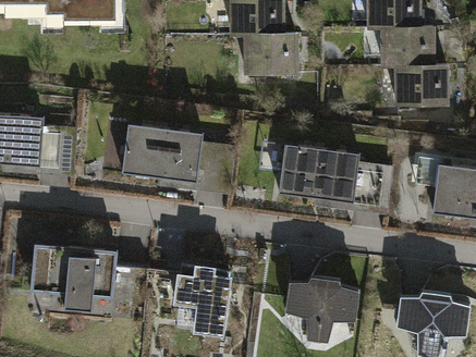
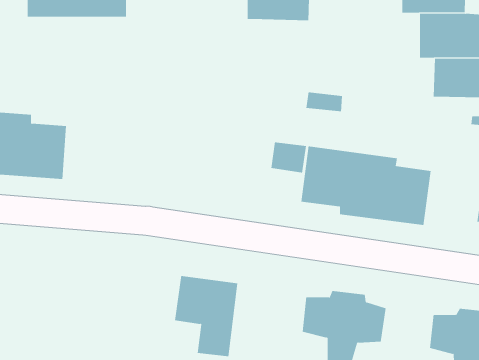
building: [244,35,302,70] -> none
building: [124,126,234,193] -> none
building: [22,238,141,312] -> none

